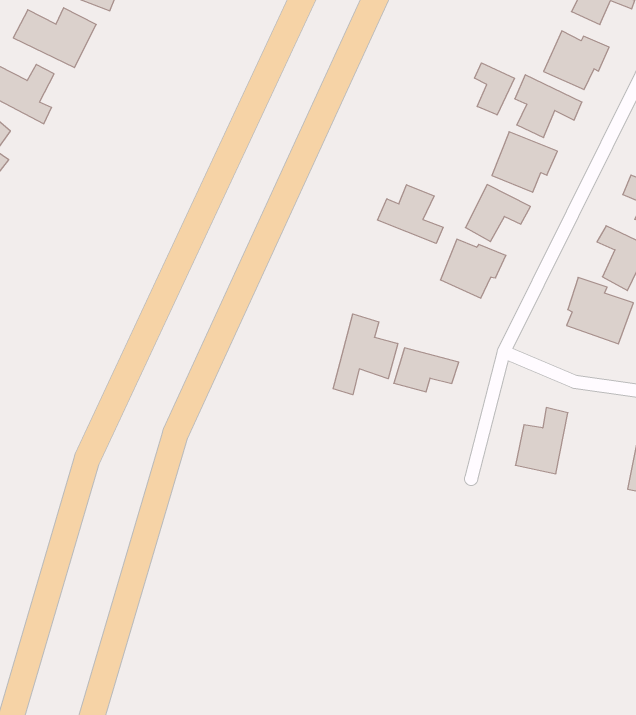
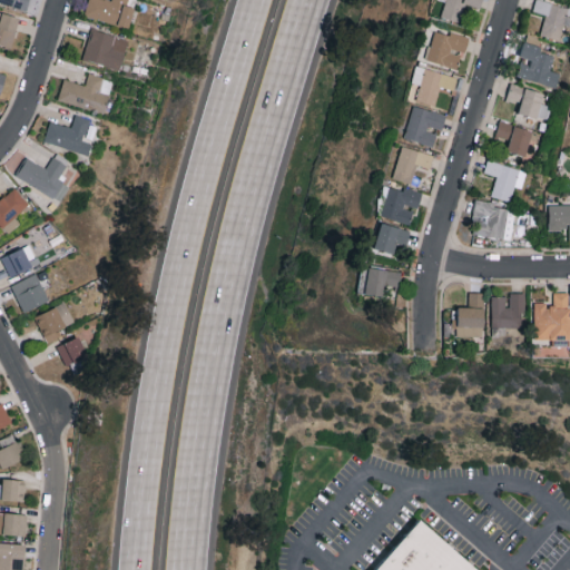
building: [475,63,514,115] -> none
building: [377,185,443,243] -> none
building: none -> [373,223,410,254]
building: [333,314,398,395] -> none
building: none -> [490,293,525,335]

